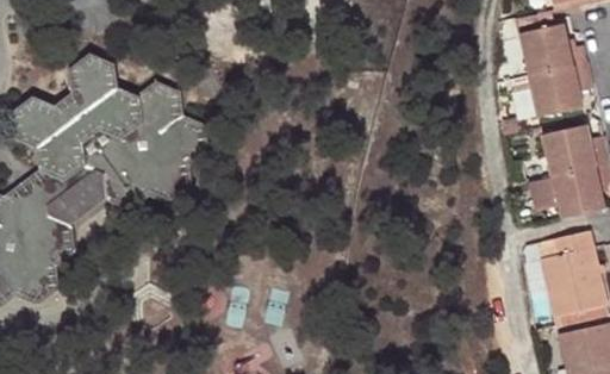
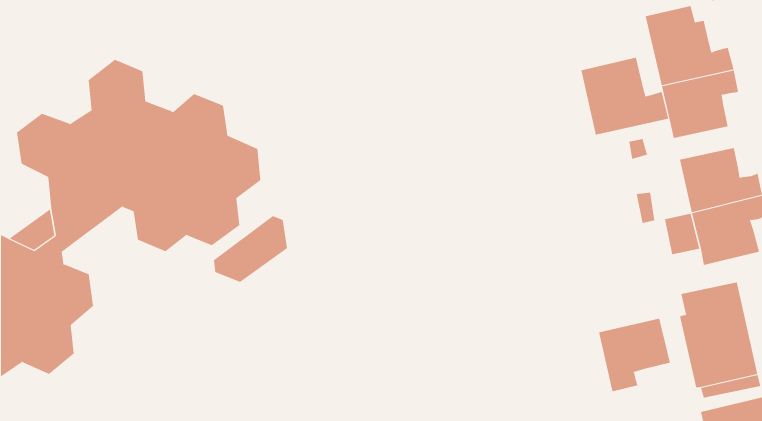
building: none -> [581,57,669,136]
building: [50,170,110,224] -> [213,215,288,283]
building: none -> [598,318,671,392]

